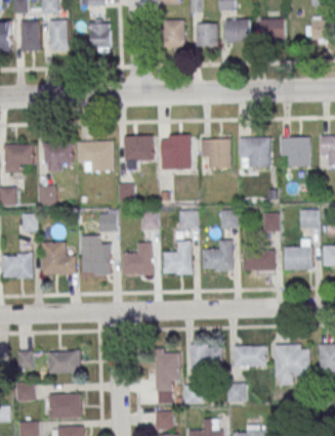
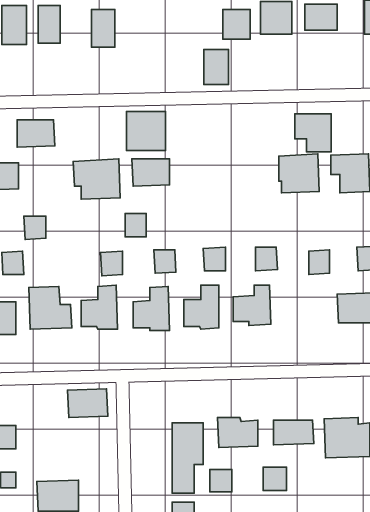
building: [164,19,183,47] -> [204,49,228,84]
building: [160,138,191,169] -> [127,112,166,151]
building: [201,138,229,168] -> [295,114,331,152]
building: [43,142,73,164] -> [17,120,55,147]
building: [243,250,275,270] -> none
building: [48,350,80,373] -> [67,389,108,417]

